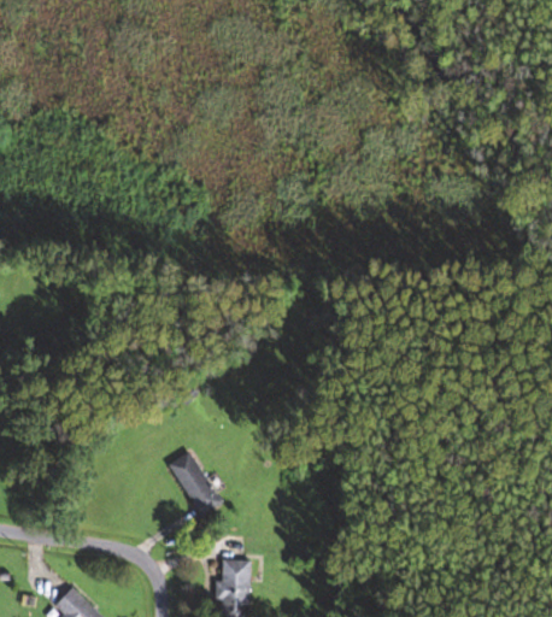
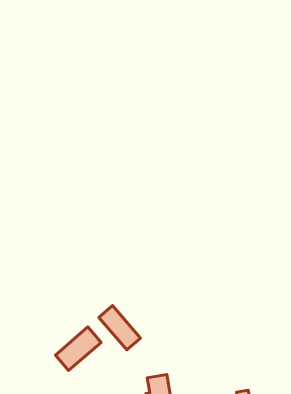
building: none -> [55,327,101,370]

